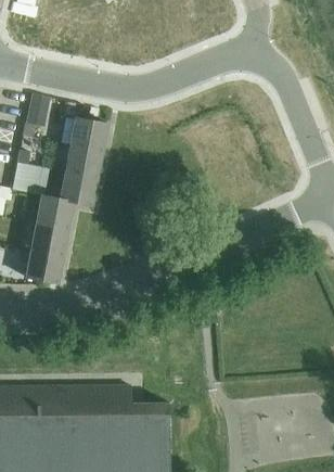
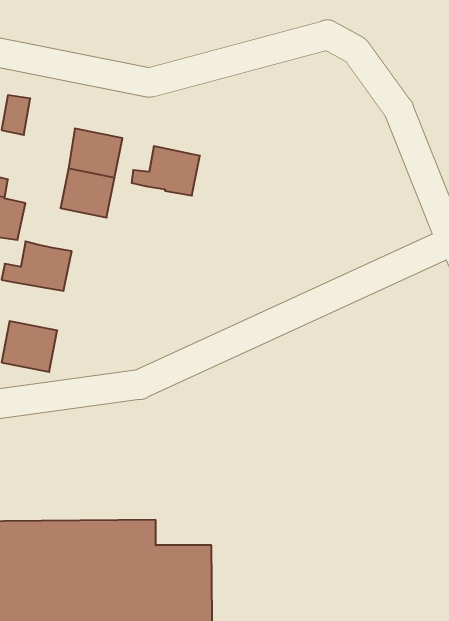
building: [50,173,97,206] -> [132,146,200,196]
building: [30,224,67,256] -> none

